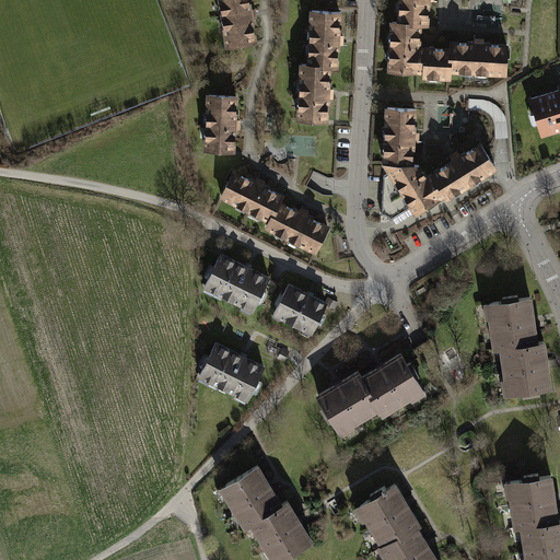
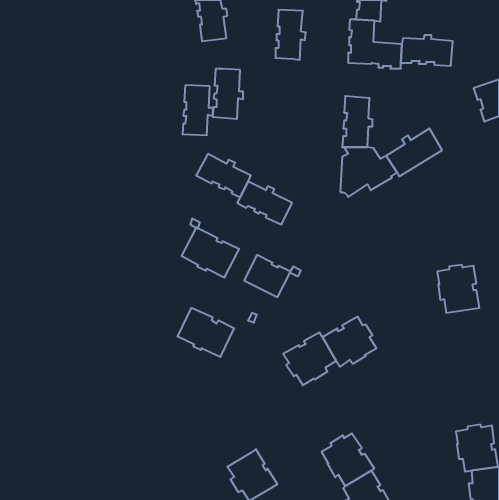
building: [296,66,330,121] -> [213,69,243,119]
building: [502,343,548,395] -> none
building: [224,466,280,525] -> none

